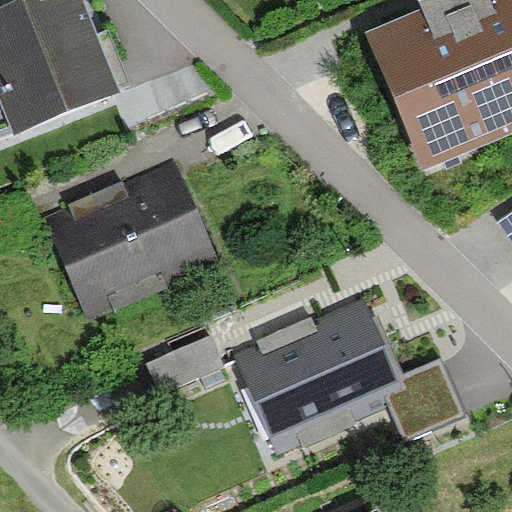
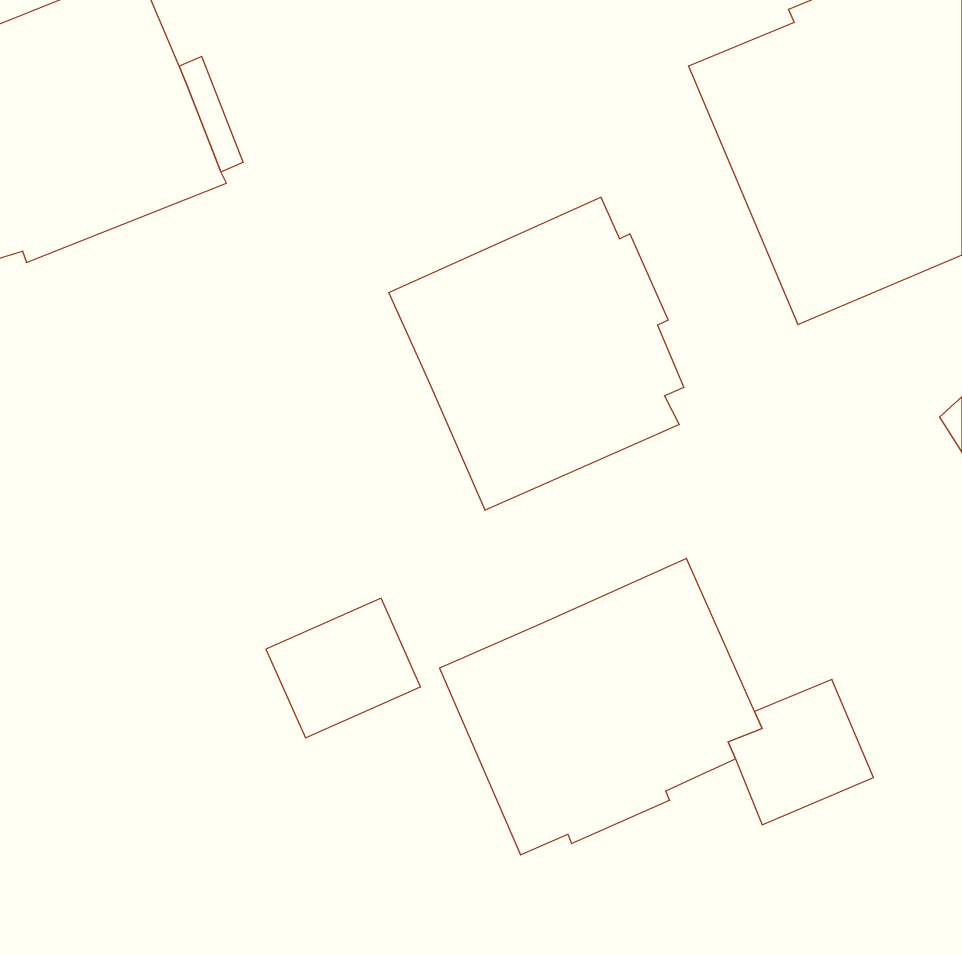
building: none -> [389,197,684,510]
building: [43,157,220,317] -> none

